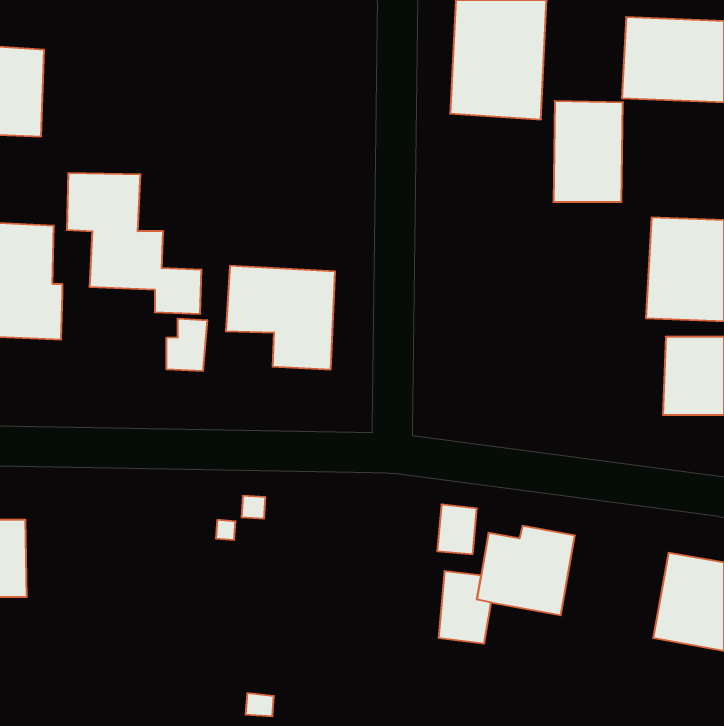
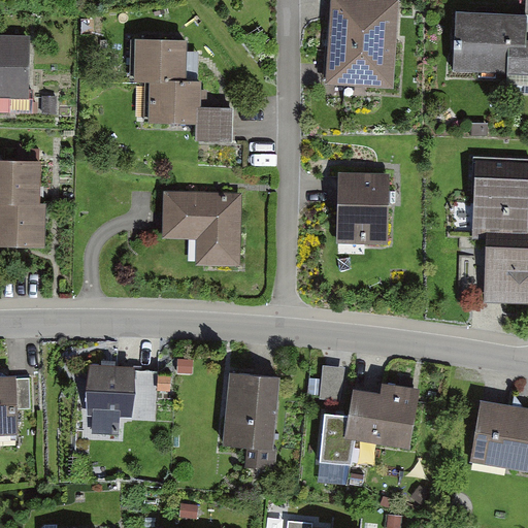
building: [553,101,623,202] -> [339,171,390,244]
building: [67,173,202,314] -> [133,38,231,140]
building: [167,319,207,371] -> none
building: none -> [86,362,138,436]
building: none -> [227,374,280,450]

